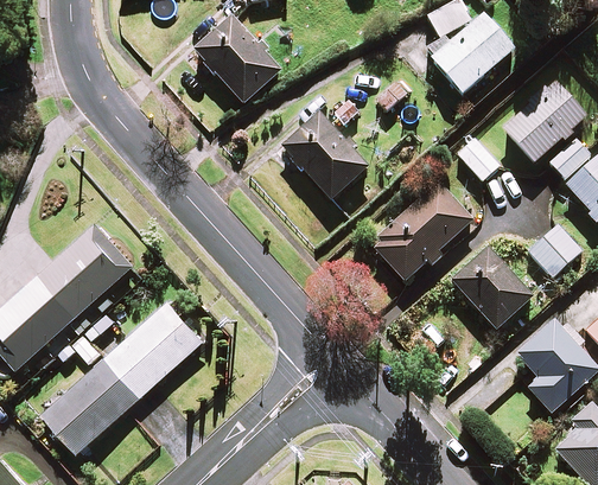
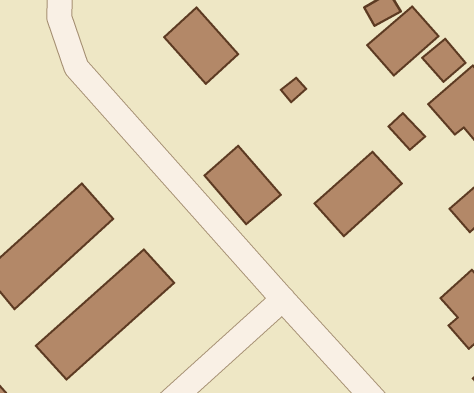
building: none -> [422,39,465,82]
building: [281,110,370,202] -> [205,146,281,224]
building: [452,248,533,330] -> none

